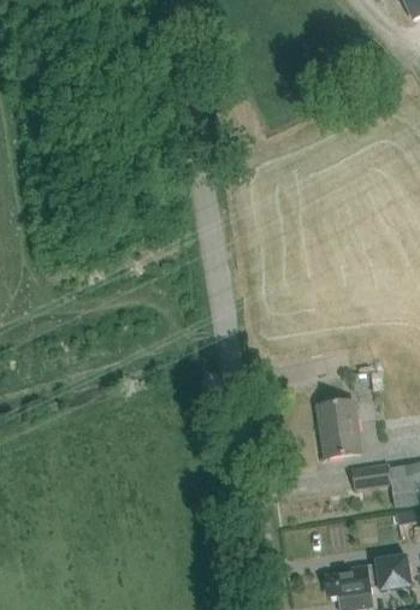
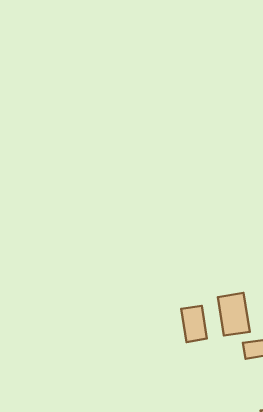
building: none -> [181,306,207,342]

